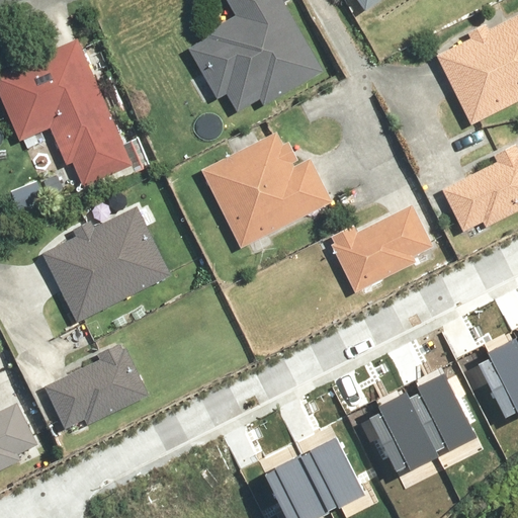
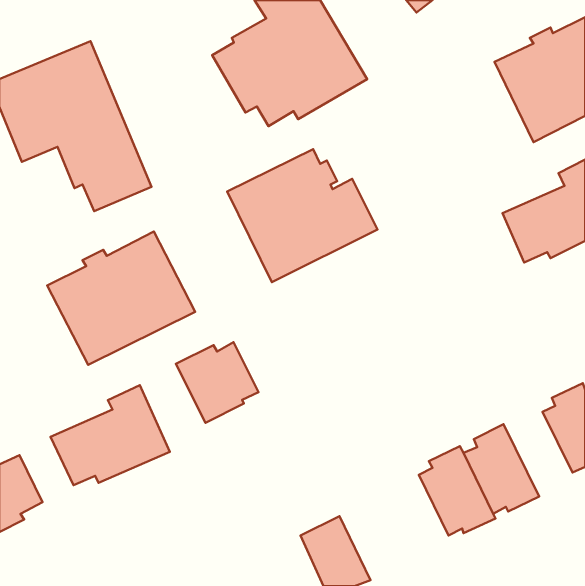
building: [328,204,433,292] -> none
building: none -> [176,342,258,423]
building: [299,439,362,512] -> none

